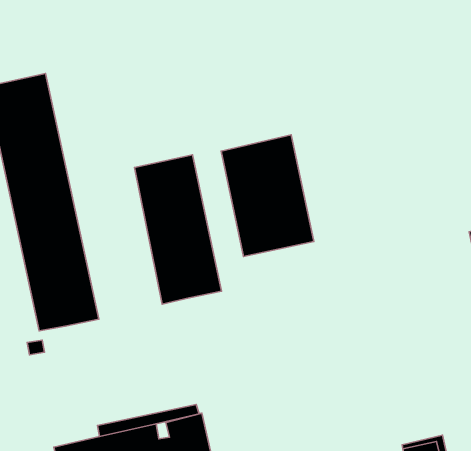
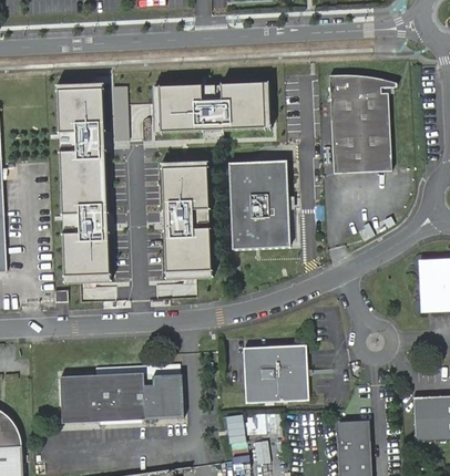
building: none -> [331,74,398,169]
building: none -> [152,77,272,135]
building: none -> [242,344,307,403]

